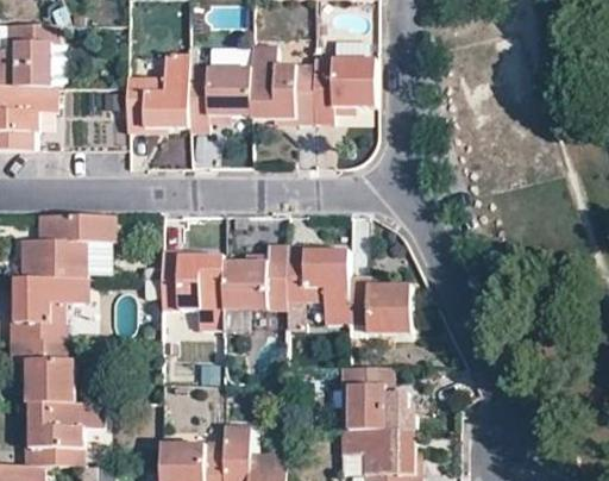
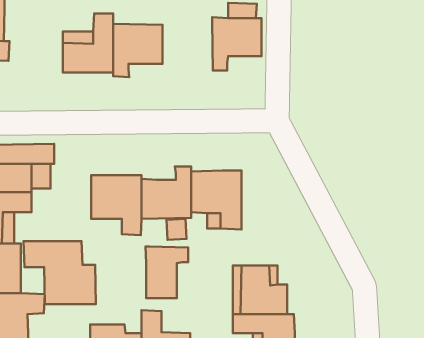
building: [251,43,314,124] -> none
building: [350,275,412,333] -> none
building: none -> [23,241,96,304]
building: none -> [145,246,188,298]

